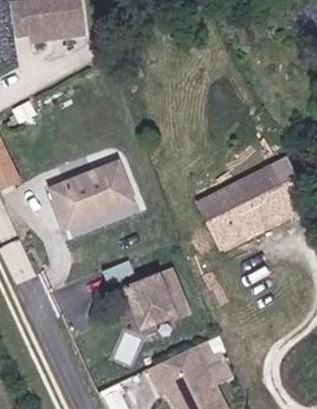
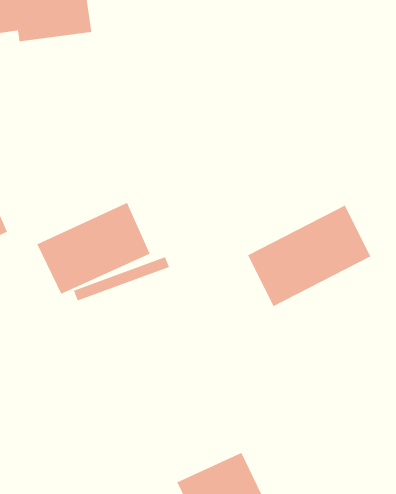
building: [125,264,190,326] -> none

